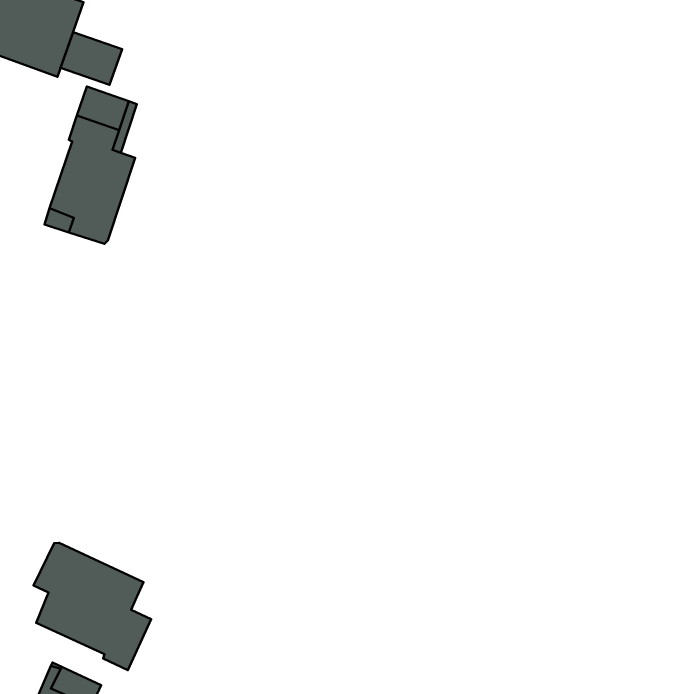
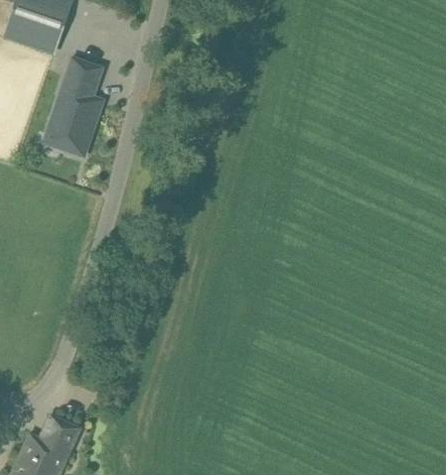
building: [61,32,122,85] -> none
building: [34,543,151,670] -> none

